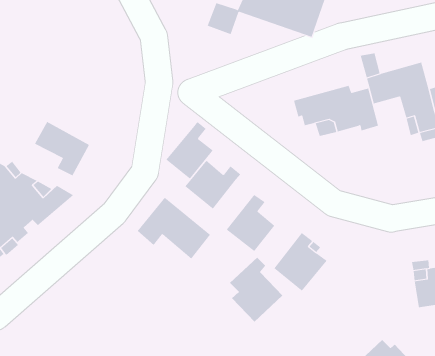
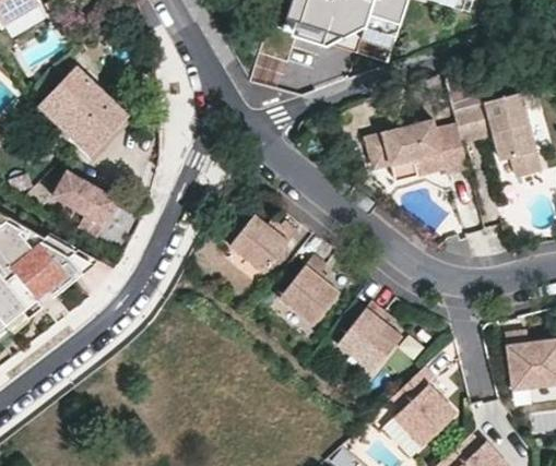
building: none -> [35,65,122,152]
building: [166,121,213,179] -> none
building: [137,197,211,260] -> none
building: [229,257,283,323] -> [392,367,458,446]

